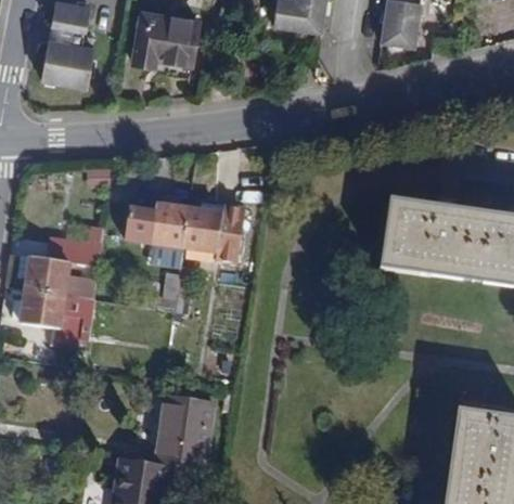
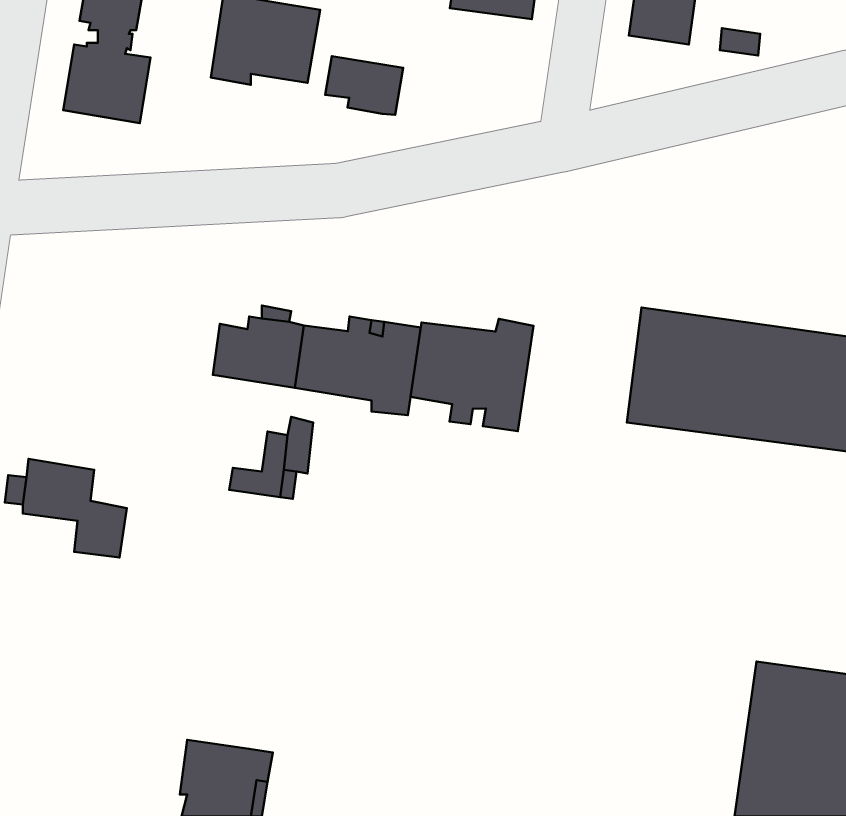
building: none -> [325,56,403,115]
building: none -> [411,319,533,431]
building: [16,238,101,299] -> none
building: [155,397,213,467] -> none

